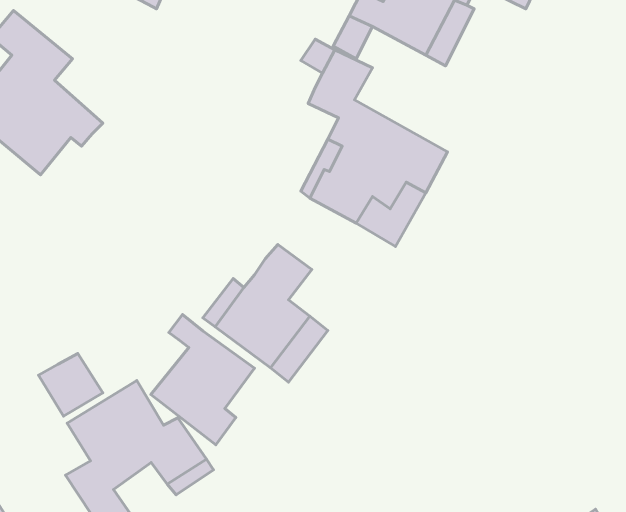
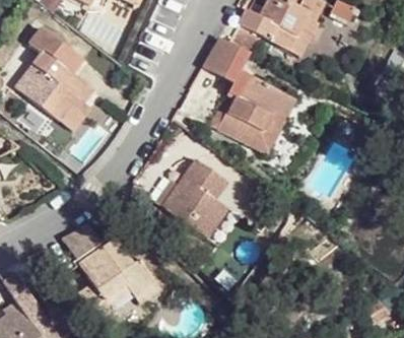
building: [151,315,254,445] -> none

